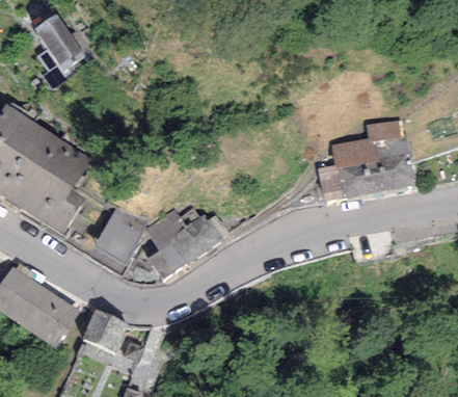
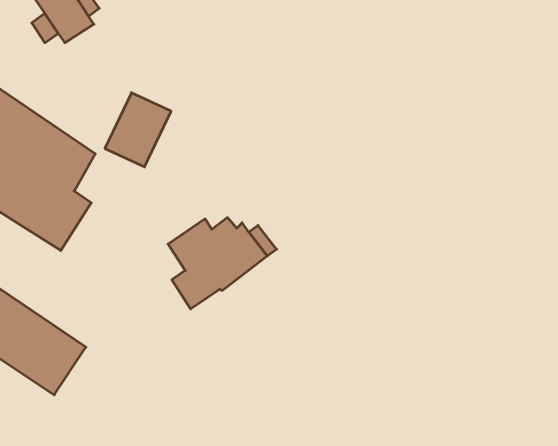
building: [317,118,413,201] -> none
building: [93,206,145,264] -> [105,93,171,167]
building: [81,309,128,353] -> none

